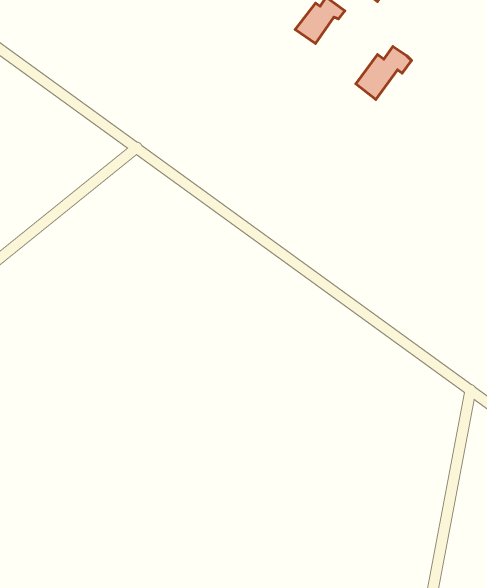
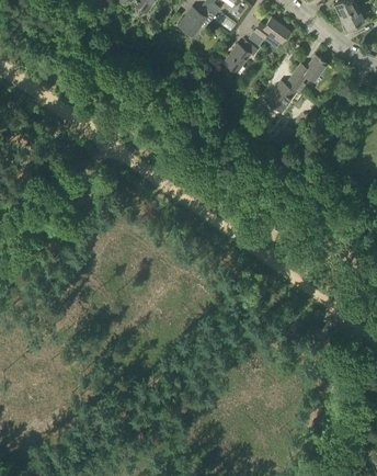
building: none -> [292,55,327,81]

